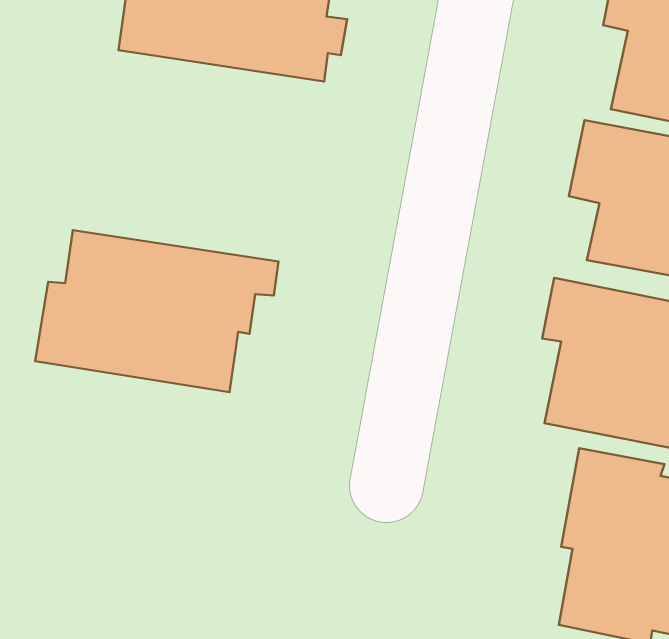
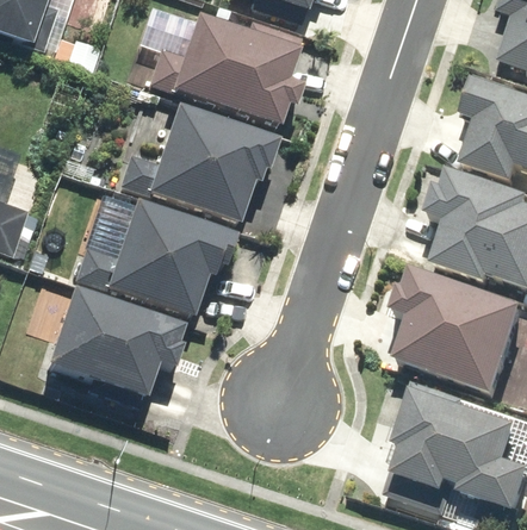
building: none -> [117,104,277,217]
building: none -> [44,288,187,393]

